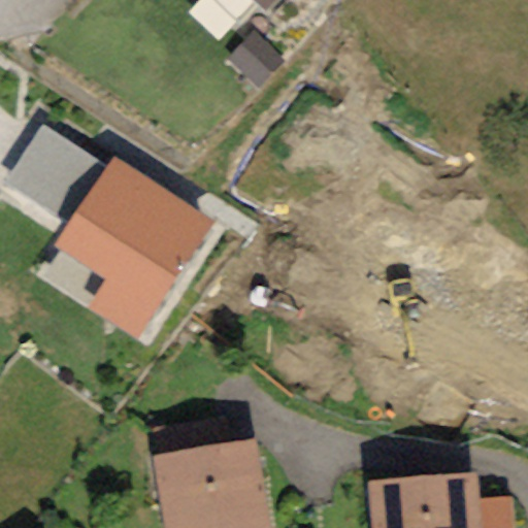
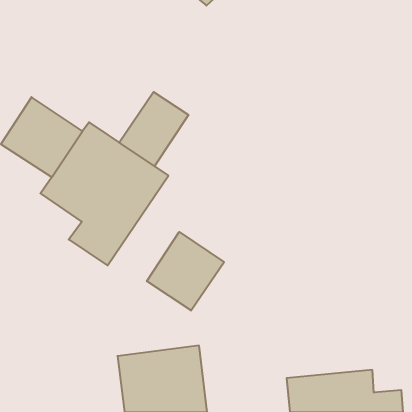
building: none -> [119,92,188,166]
building: none -> [147,232,224,311]

